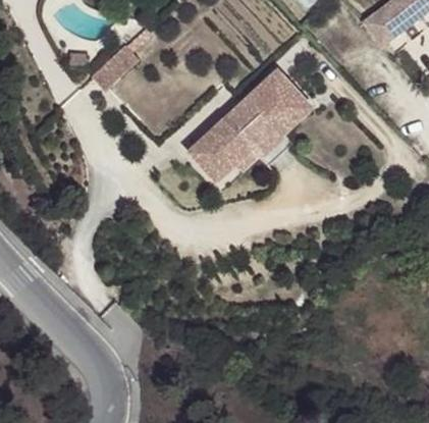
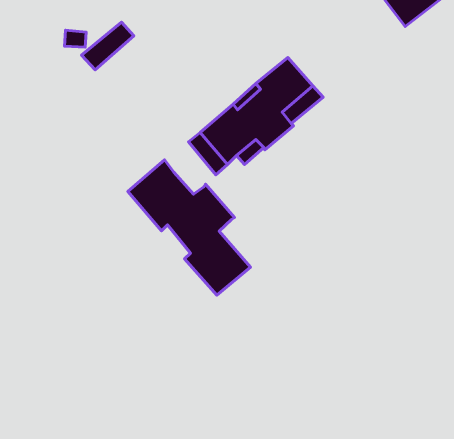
building: none -> [128,160,250,295]

